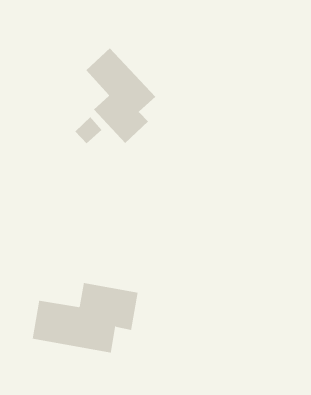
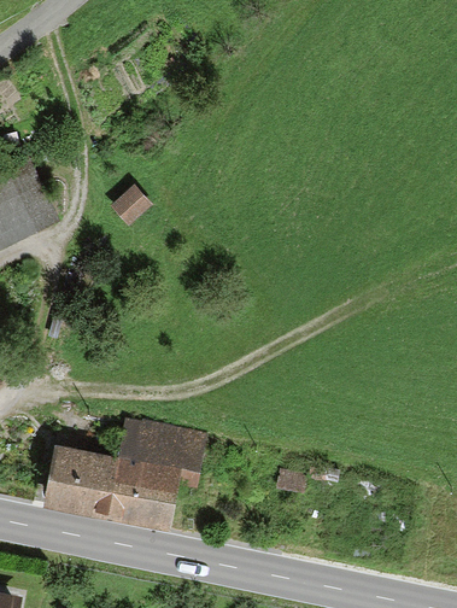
building: [86,47,156,144] -> none

